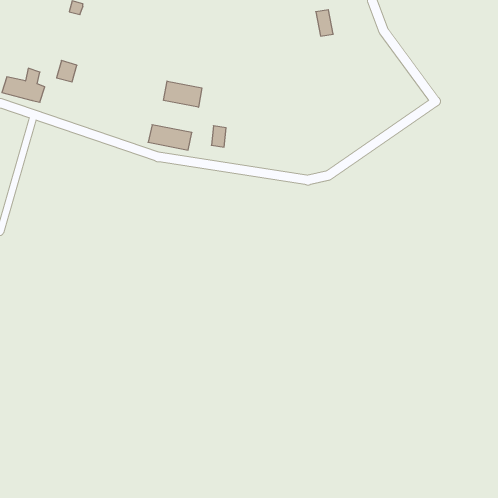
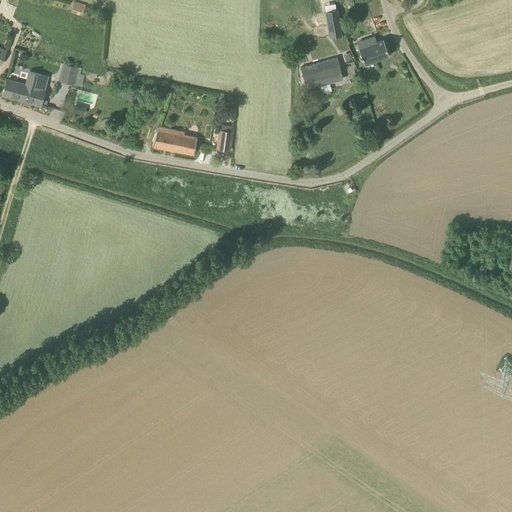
building: none -> [360,36,391,66]
building: none -> [300,57,343,98]
building: [164,81,202,107] -> none

